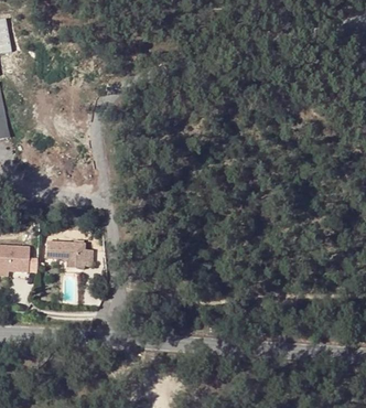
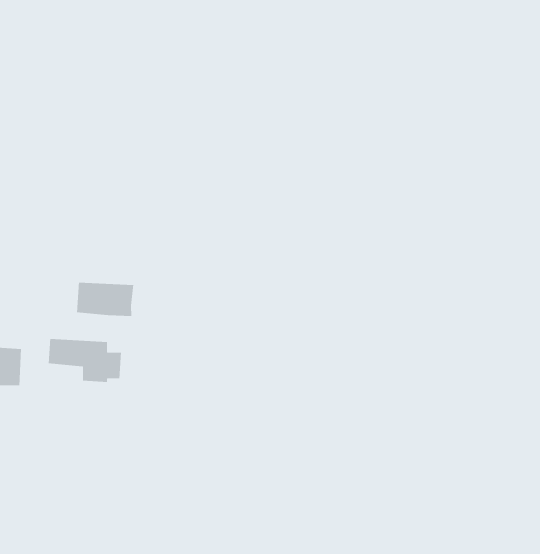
building: none -> [76,282,134,317]

